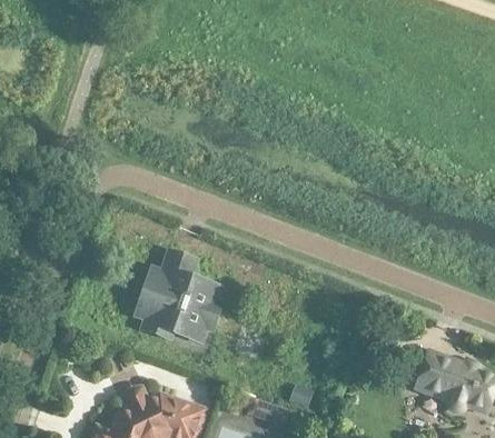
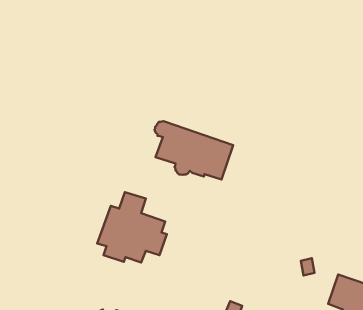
building: none -> [155,121,233,179]

